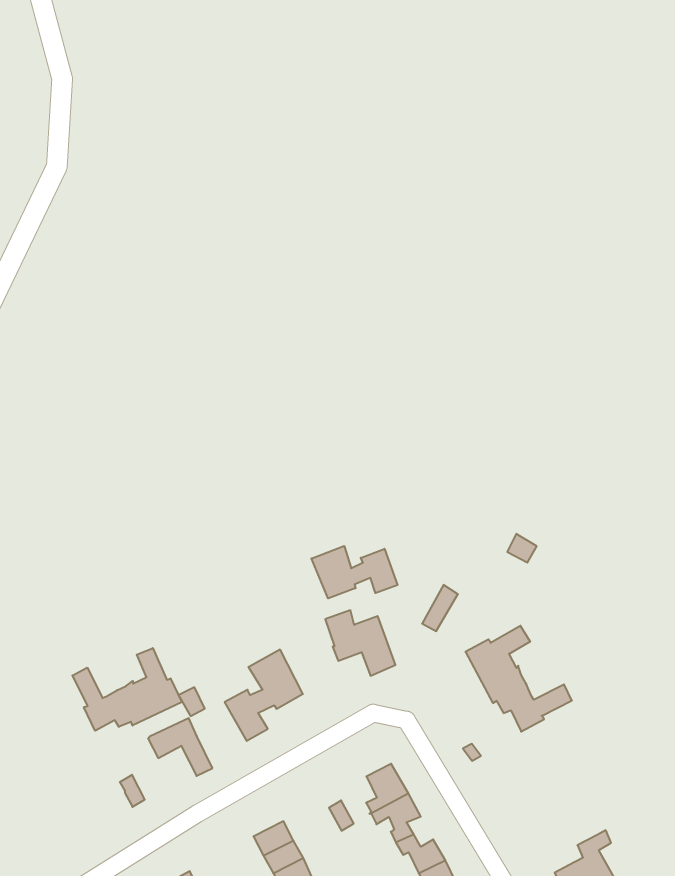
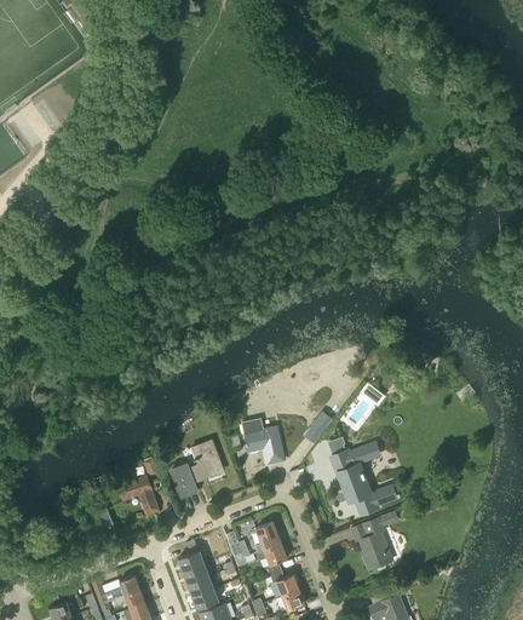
building: [311,546,398,598] -> none
building: [72,648,182,731] -> none
building: none -> [349,510,400,570]

